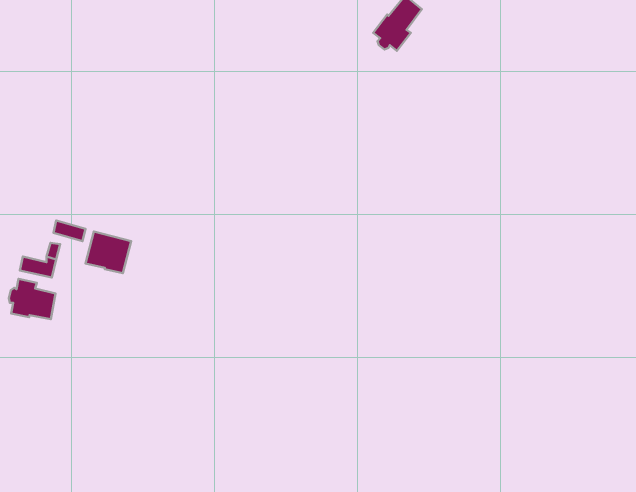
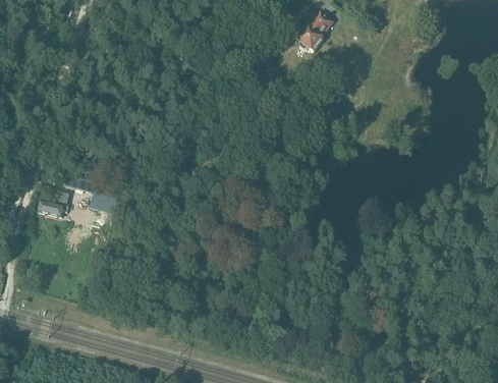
building: [9,279,56,319] -> none

